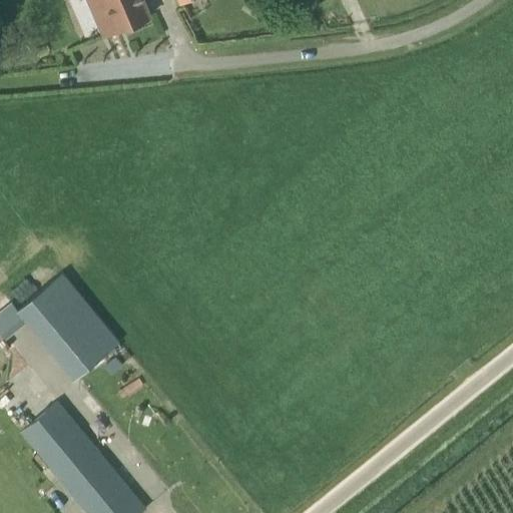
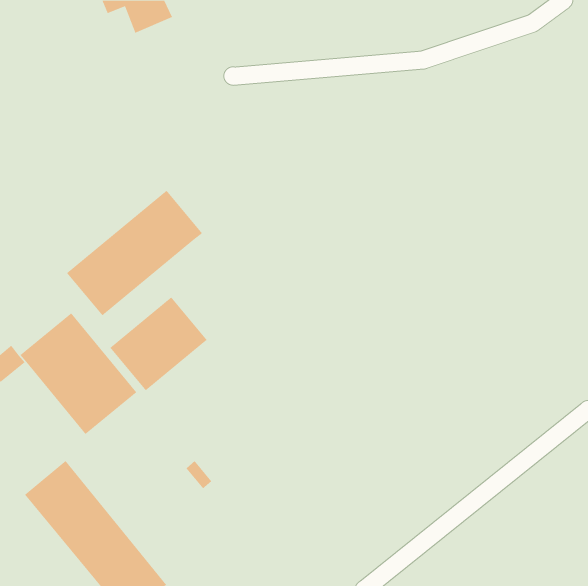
building: none -> [66,190,203,316]
building: none -> [109,296,207,391]

